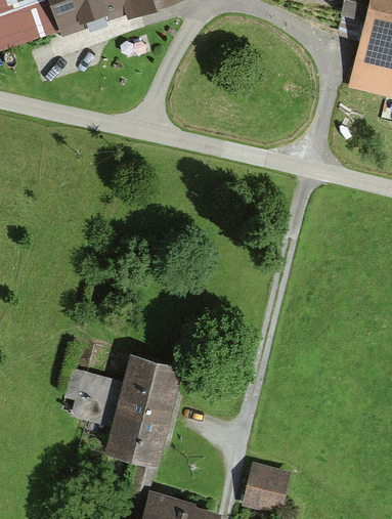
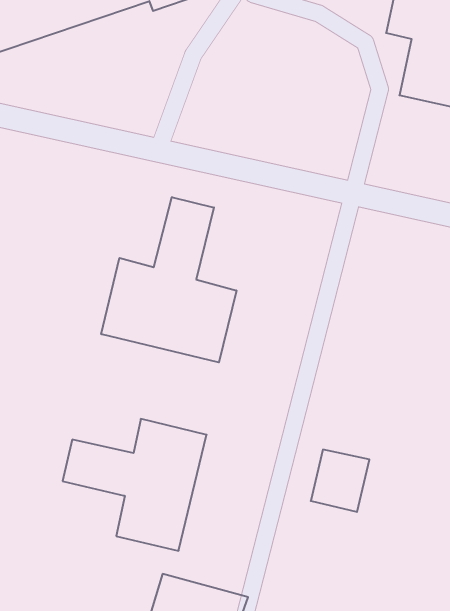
building: none -> [101,197,236,362]
building: [243,461,292,513] -> [311,450,369,512]

